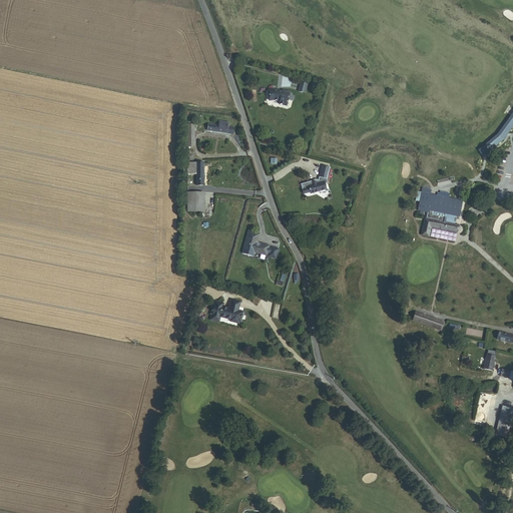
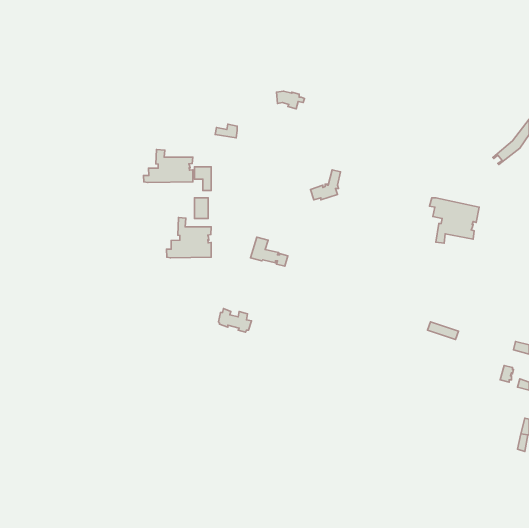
building: none -> [143,150,193,182]
building: none -> [166,218,211,258]

